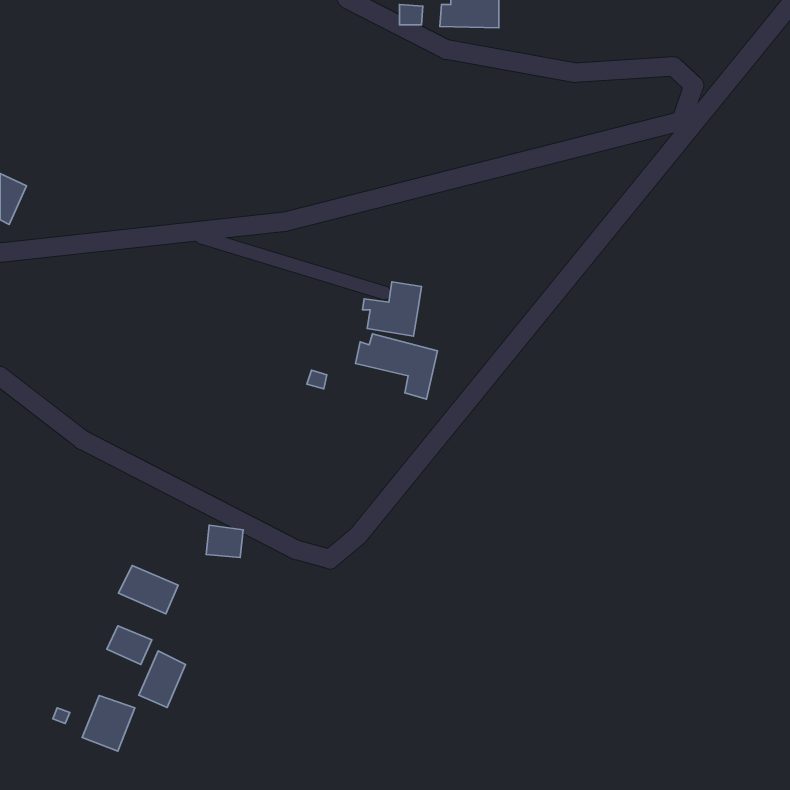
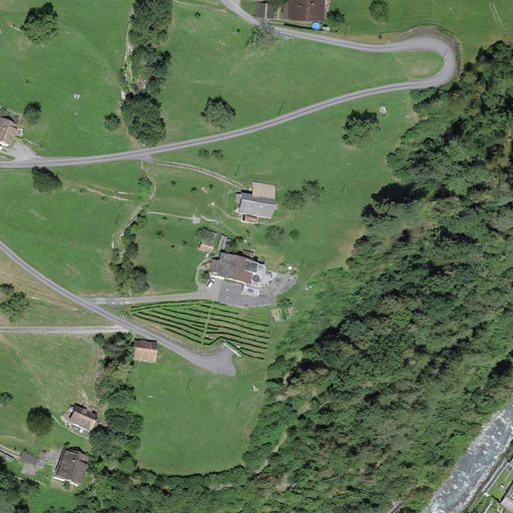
building: [355,334,437,399] -> [210,254,264,297]
building: [118,565,178,614] -> none
building: [139,651,185,708] -> none

